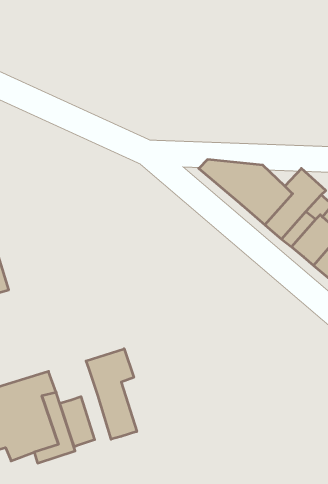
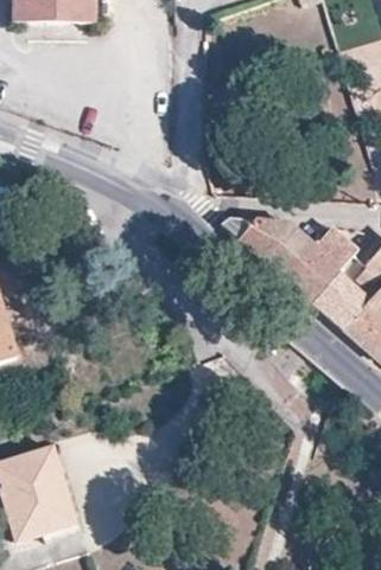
building: [86,349,137,439] -> none
building: [60,397,95,447] -> none

